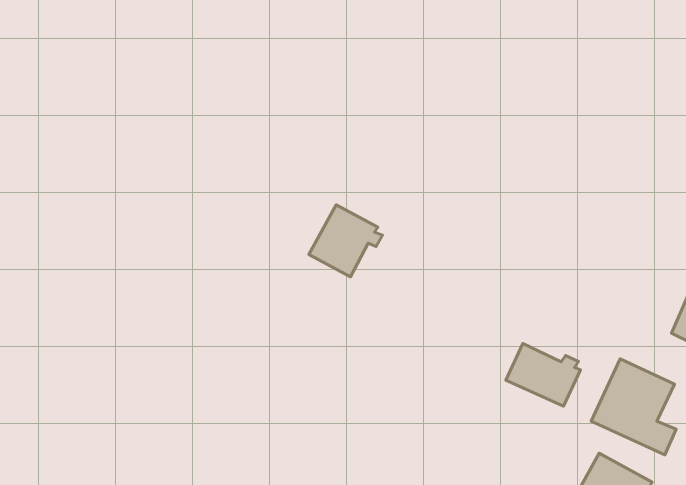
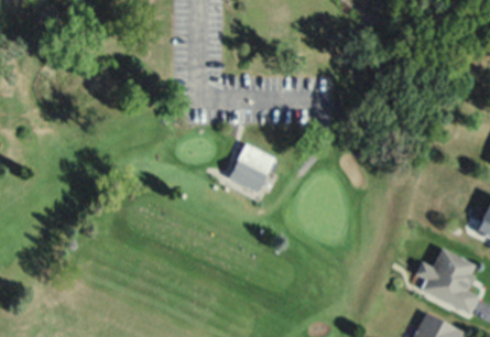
building: [506,344,581,406] -> none

